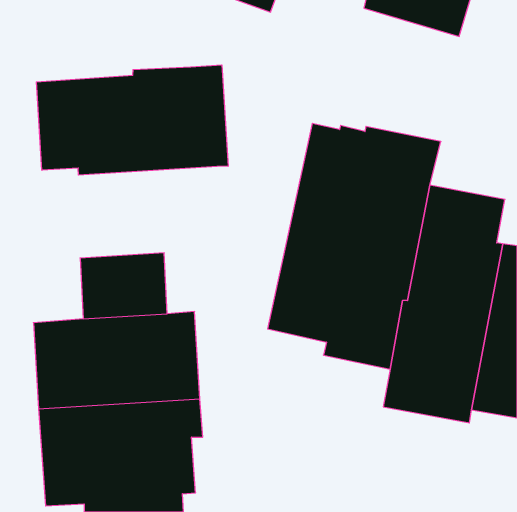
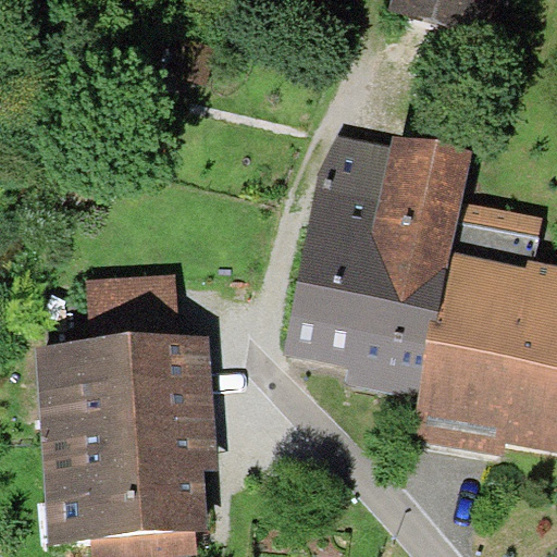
building: [36,65,228,175] -> none

